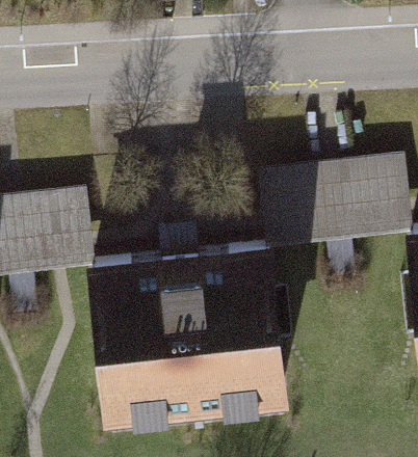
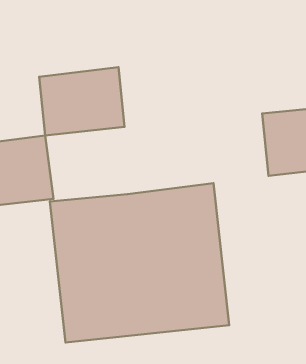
building: none -> [39,67,125,136]
building: [255,165,336,243] -> none

